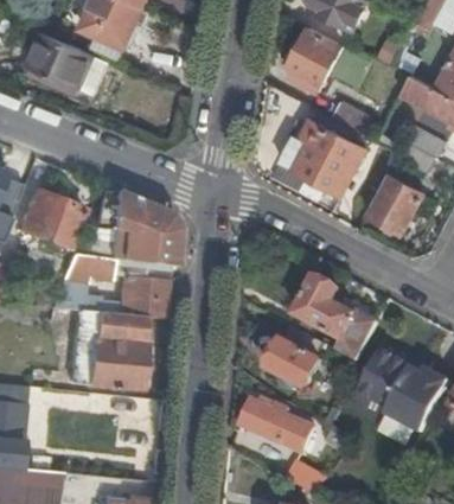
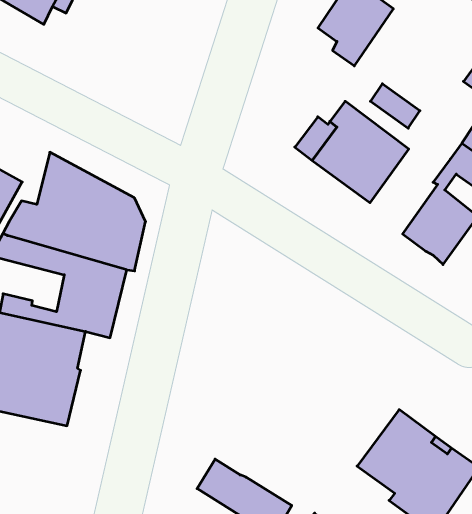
building: [294,276,376,362] -> none
building: [266,339,320,388] -> none

